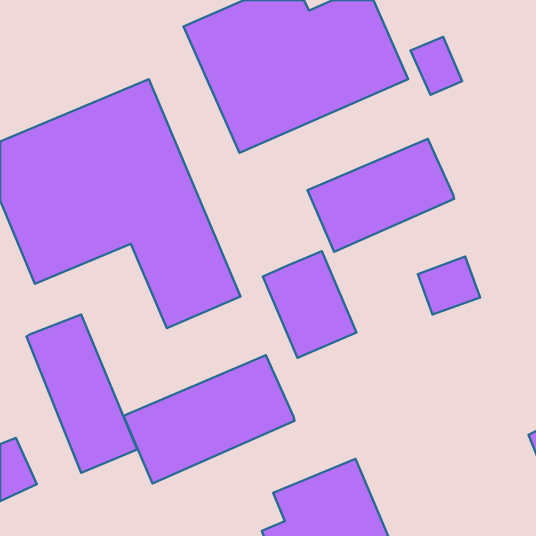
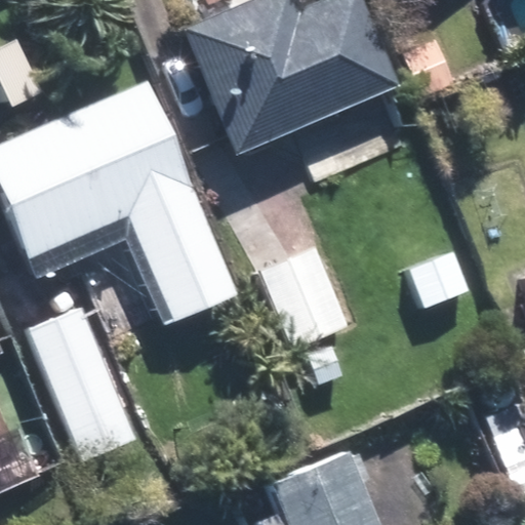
building: [308,139,454,252] -> none
building: [124,355,294,484] -> none

